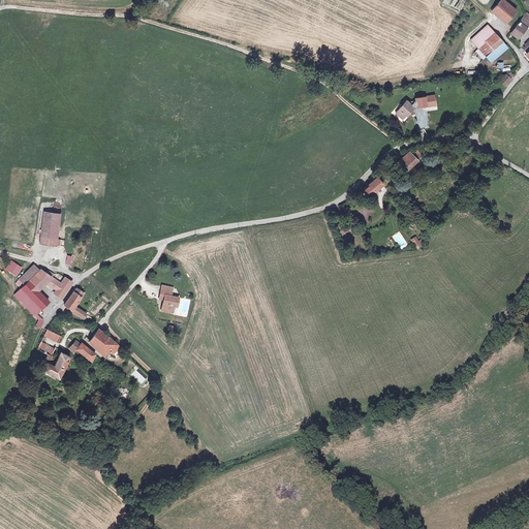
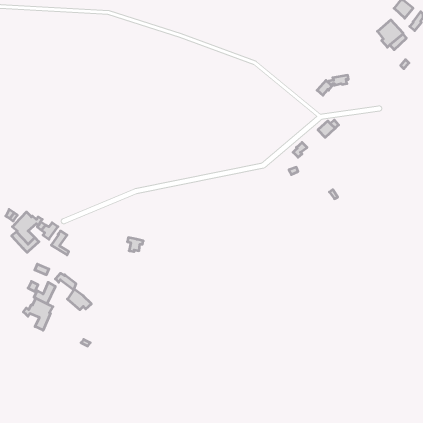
building: [40,212,61,245] -> none
building: [90,330,120,355] -> [67,289,91,310]
building: none -> [23,298,53,330]

